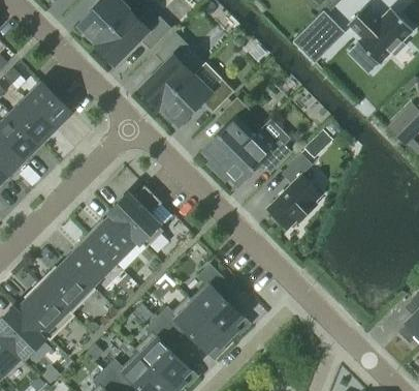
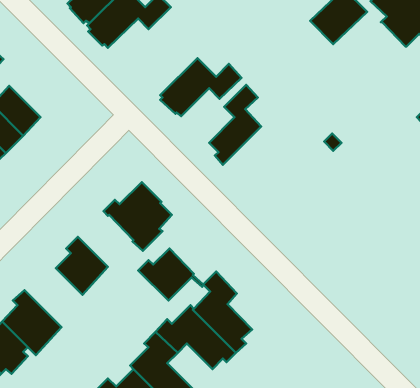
building: [139,35,193,110] -> none
building: [26,85,70,128] -> none
building: [216,128,289,185] -> none
building: [265,155,322,232] -> none
building: [87,215,144,262] -> [138,248,203,301]
building: [39,263,93,313] -> none

